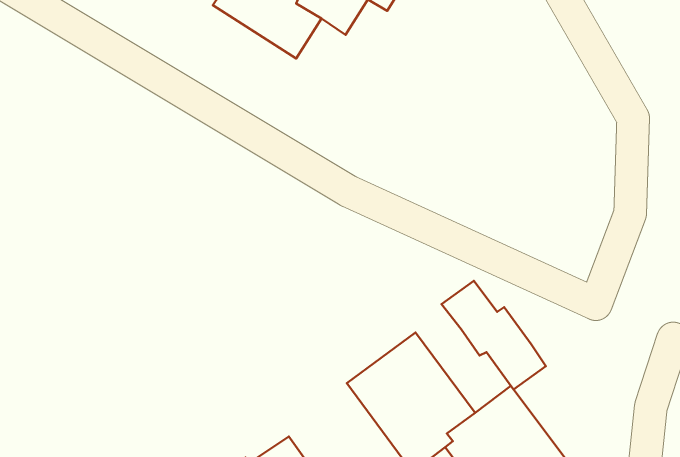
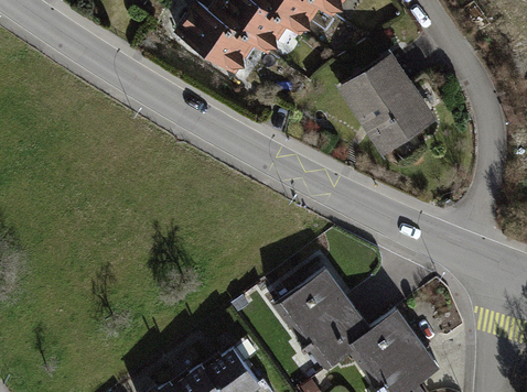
building: none -> [335,51,434,154]
building: [441,281,546,390] -> none

